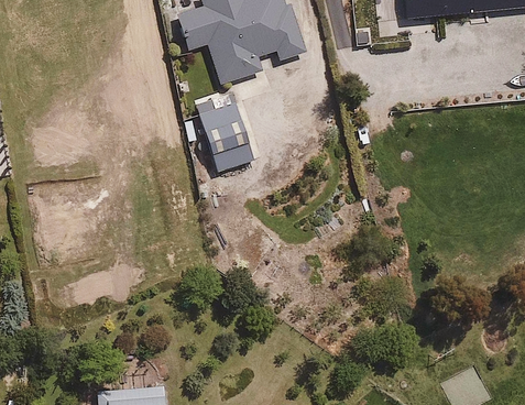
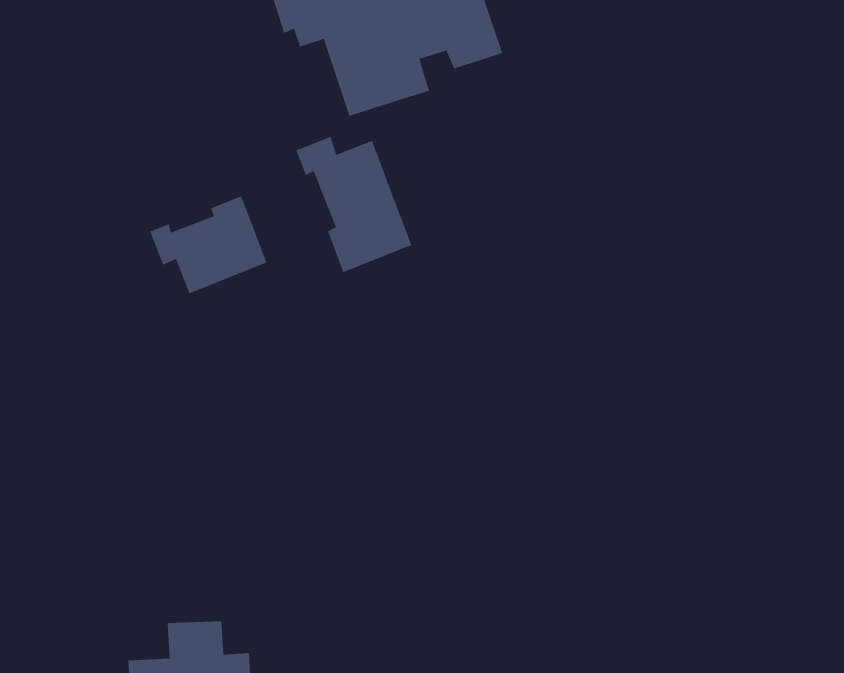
building: none -> [150,195,267,294]

